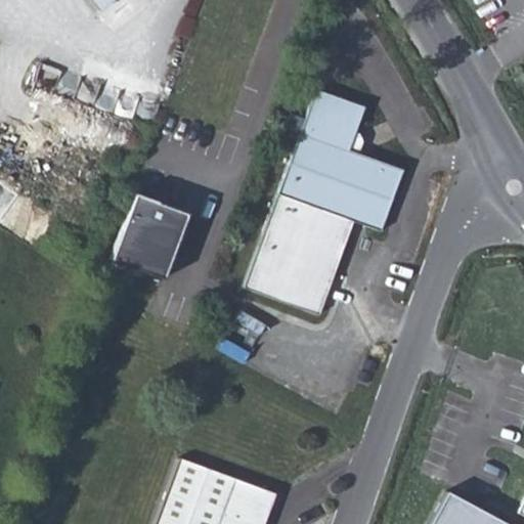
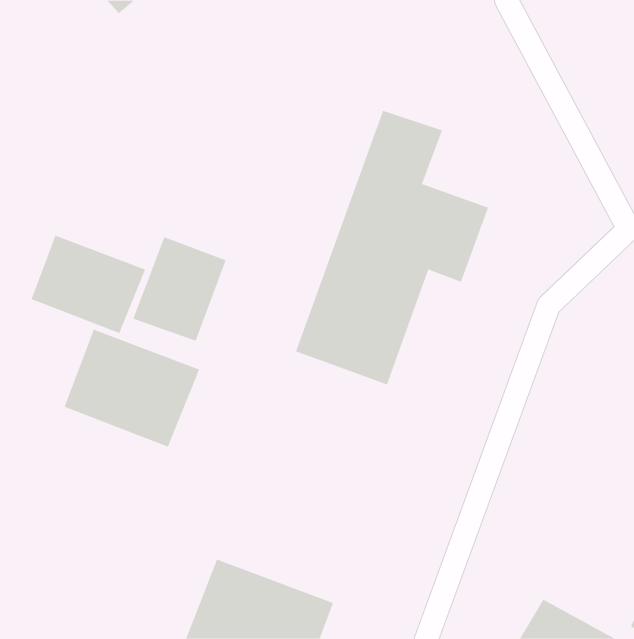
building: none -> [31,235,146,334]
building: none -> [64,329,200,448]

